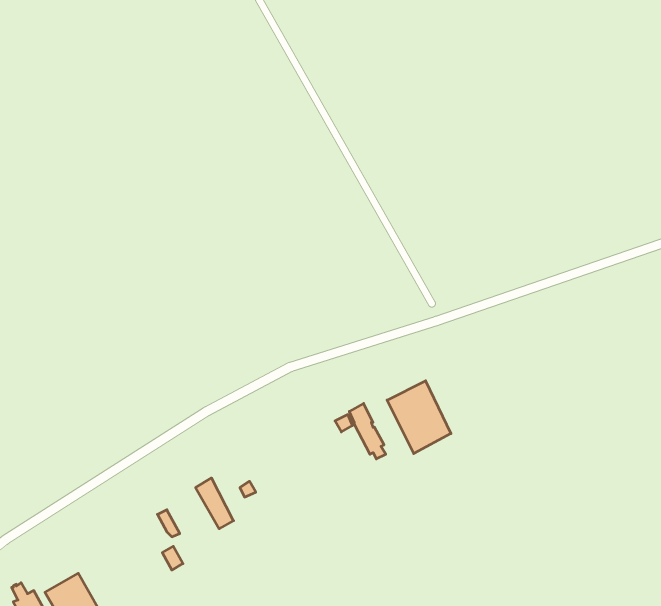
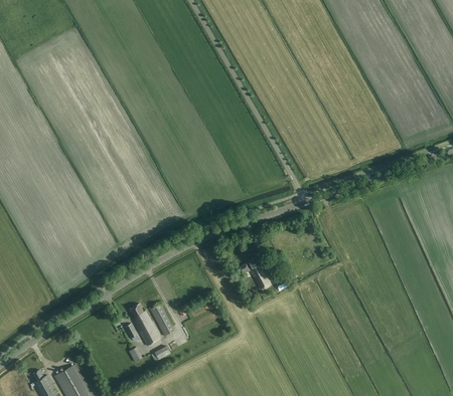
building: [387,381,451,454] -> none
building: none -> [130,304,161,346]

